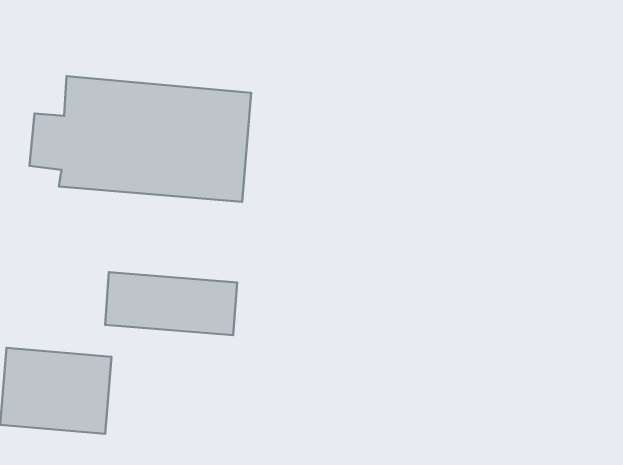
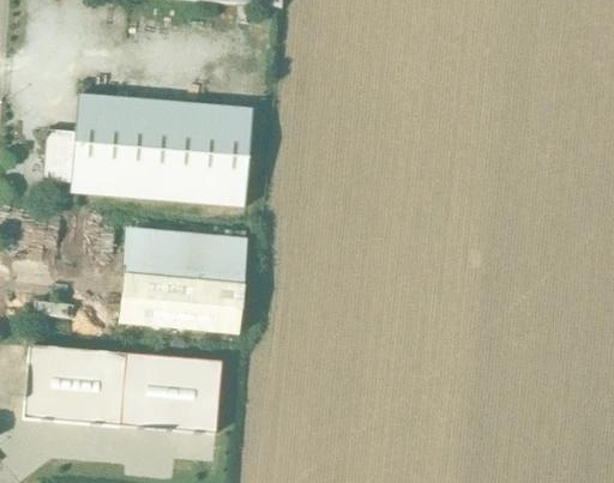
building: none -> [124,228,248,284]
building: none -> [120,354,221,433]

